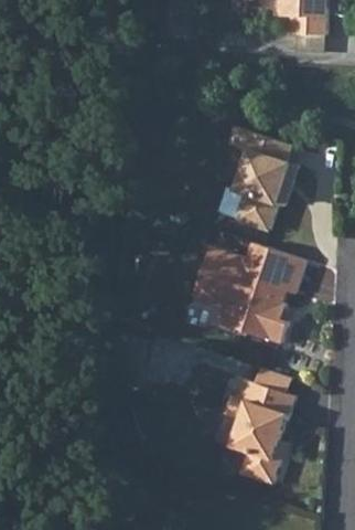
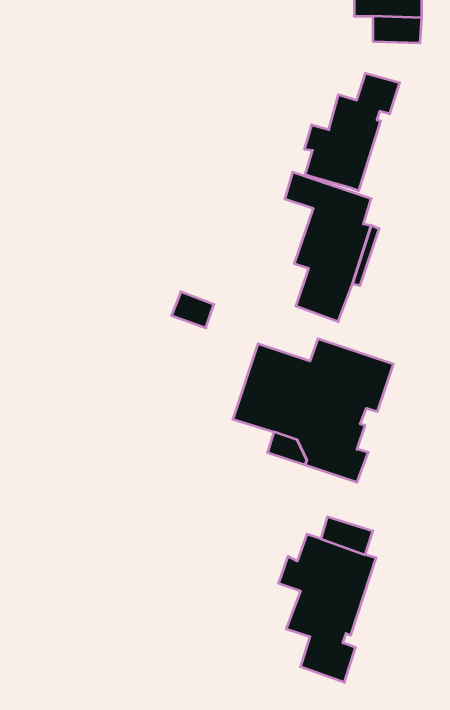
building: none -> [305,73,400,191]

